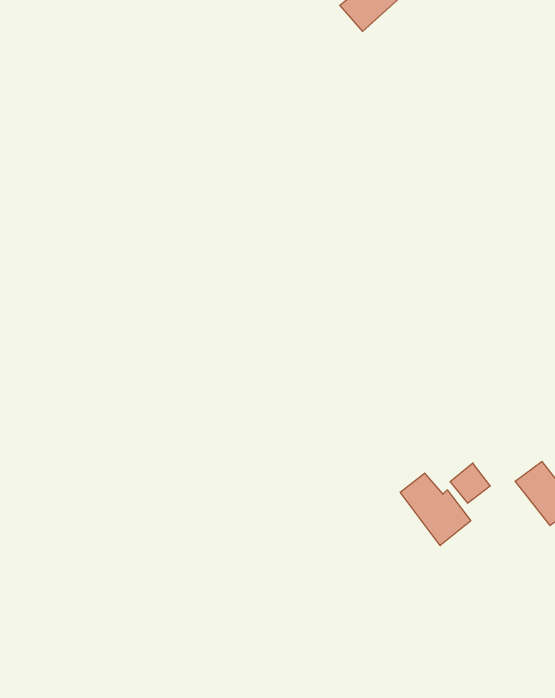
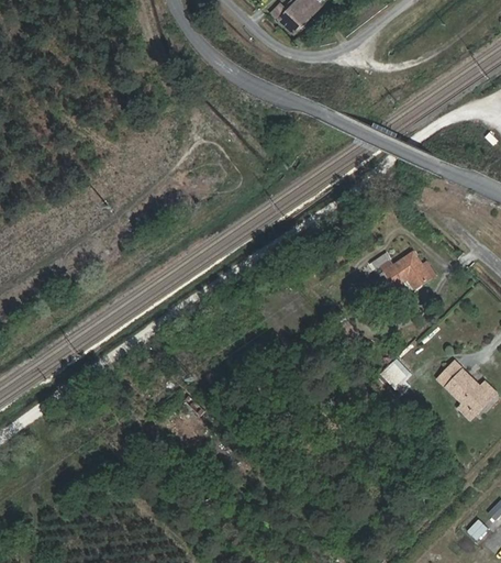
building: none -> [374,240,427,283]
building: [400,473,471,546] -> none

